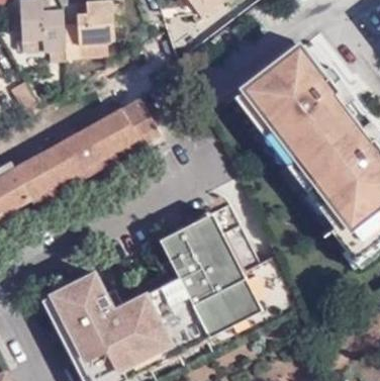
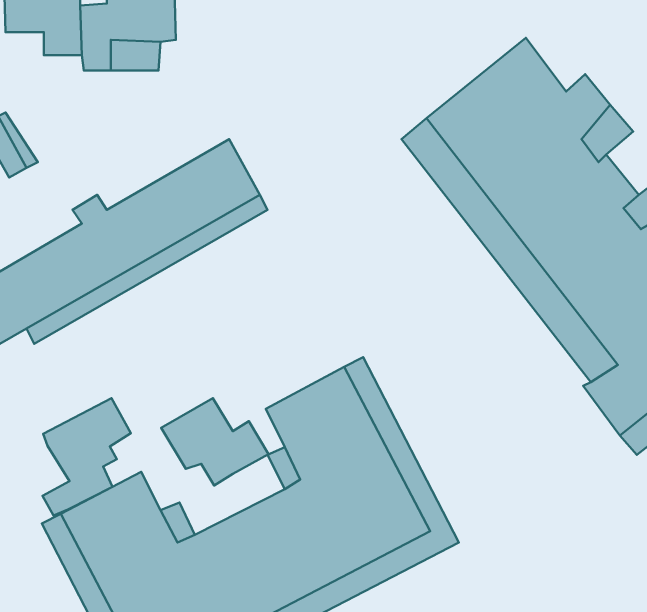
building: none -> [43,398,131,516]
building: none -> [161,398,268,485]

